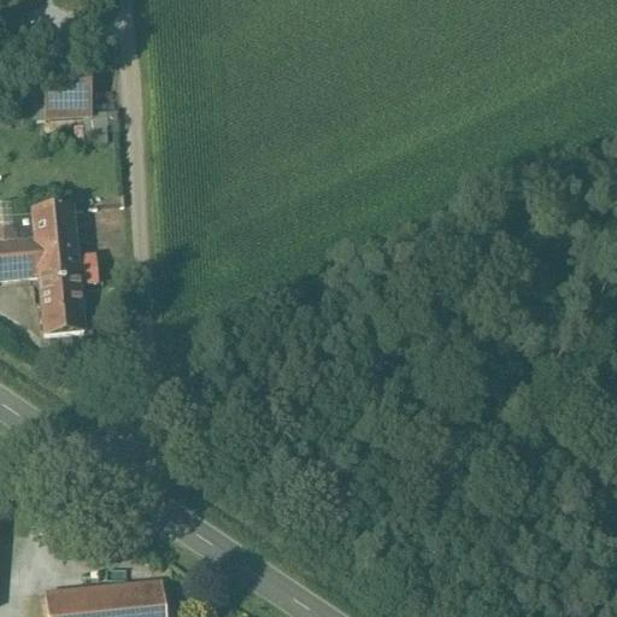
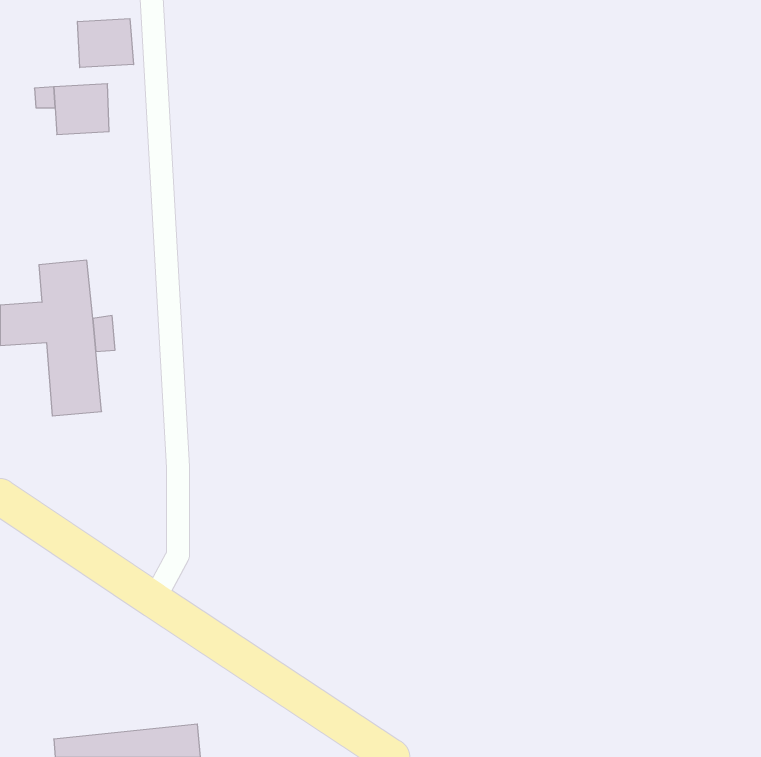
building: none -> [78,19,134,68]

